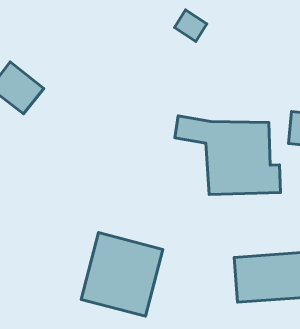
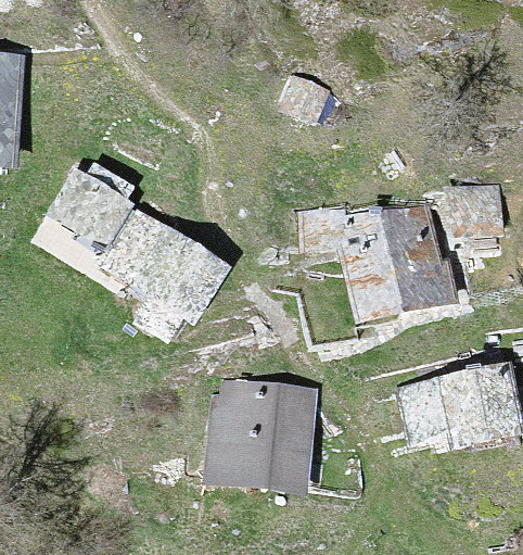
building: none -> [111,213,222,332]

